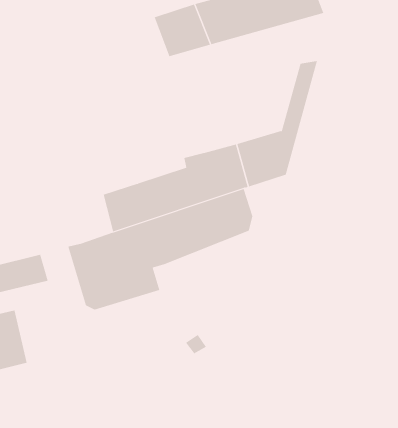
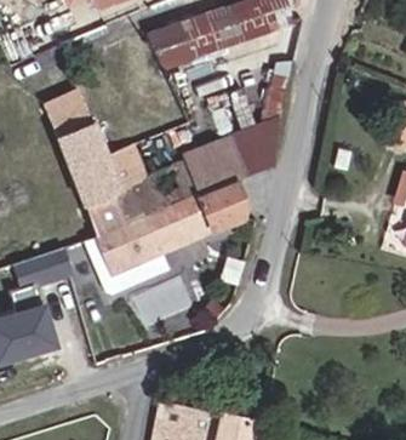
building: none -> [45,92,144,238]

